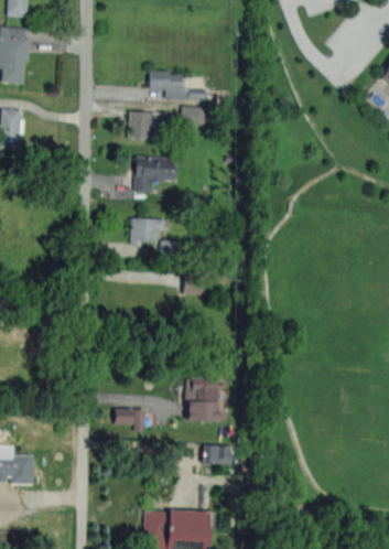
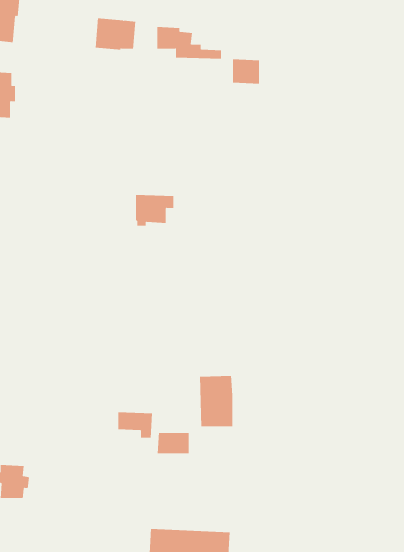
building: [182,106,206,128] -> [232,59,260,84]
building: [127,110,163,139] -> [95,18,136,50]
building: [134,155,175,191] -> none
building: [203,445,231,464] -> [157,432,190,454]

